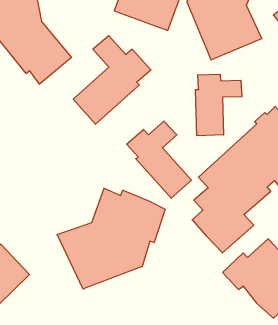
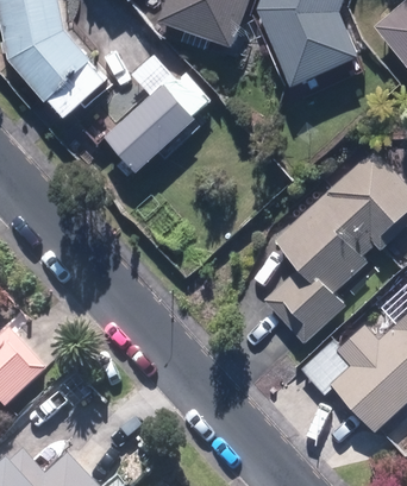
building: [195,74,242,136] -> none
building: [127,121,191,198] -> none
building: [57,188,165,289] -> none

